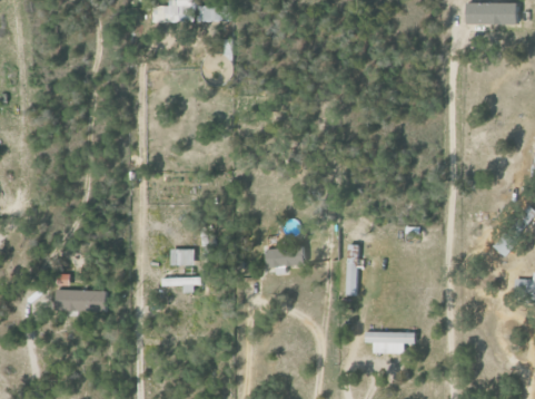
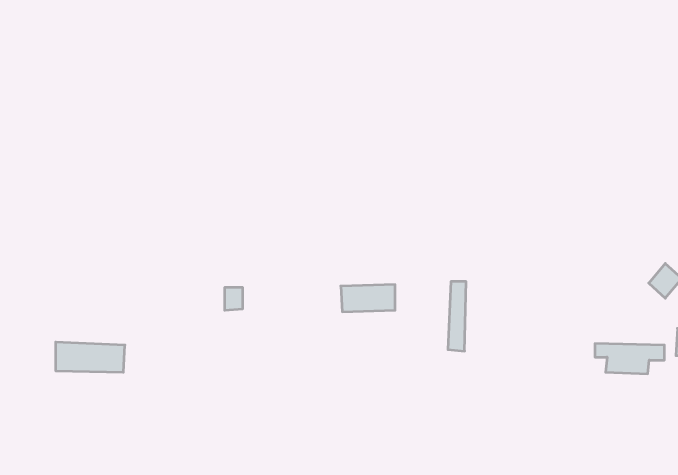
building: [160,275,200,292] -> none
building: [364,331,415,353] -> [595,344,664,374]

